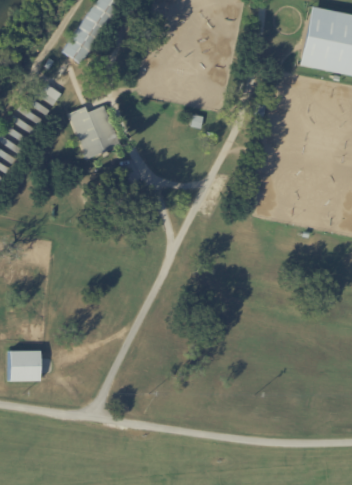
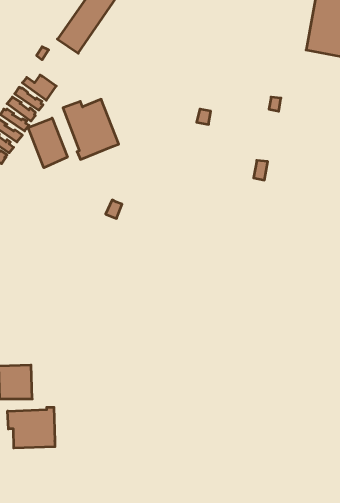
building: none -> [28,118,67,168]
building: none -> [8,407,55,448]

